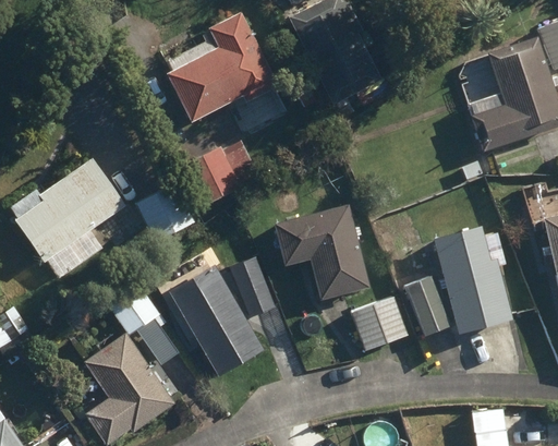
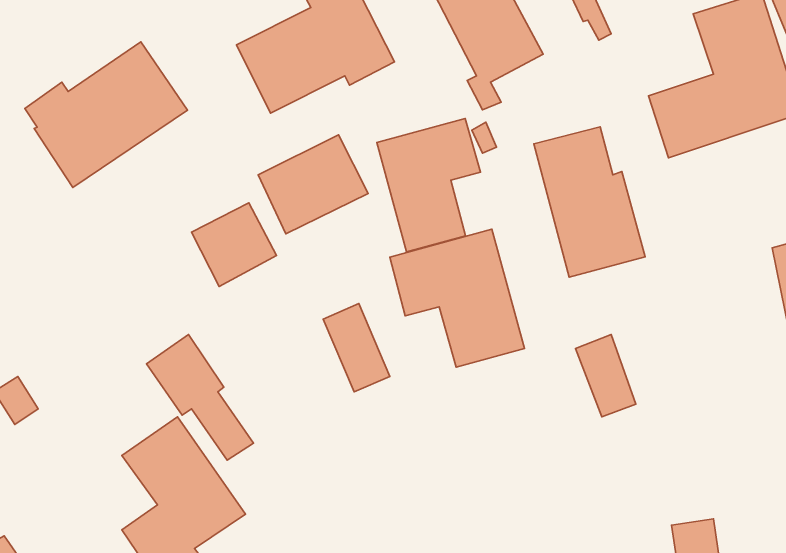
building: none -> [377,118,480,252]
building: [10,158,124,261] -> [25,42,187,187]
building: [434,227,512,333] -> [534,127,645,277]
building: [169,265,264,375] -> none
building: [352,299,408,350] -> none

